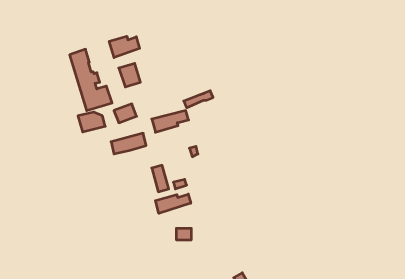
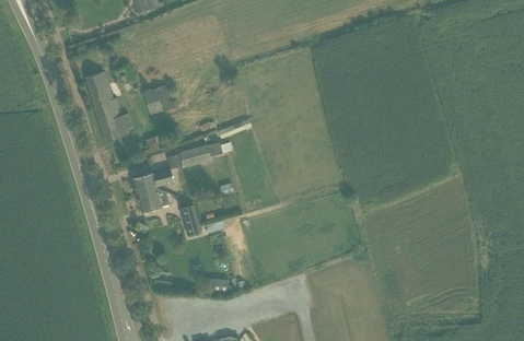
building: [109,36,140,58] -> none
building: [78,112,105,132] -> [137,187,168,210]
building: [155,194,191,213] -> none

